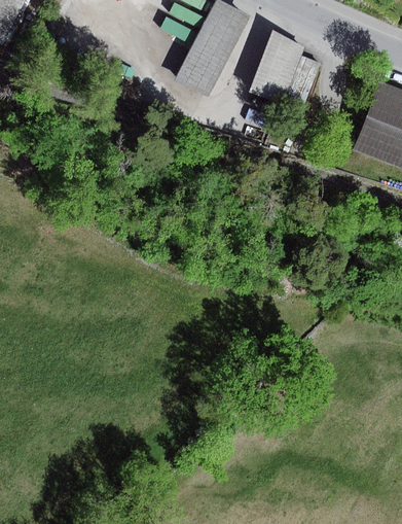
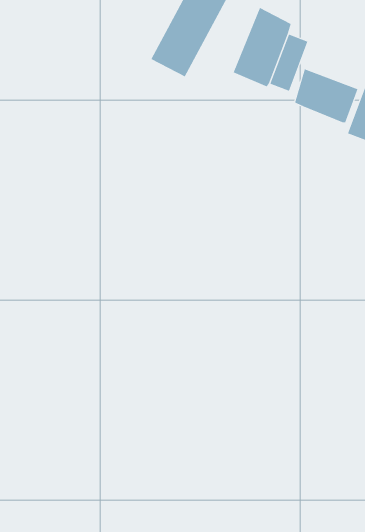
building: none -> [295,69,358,123]

